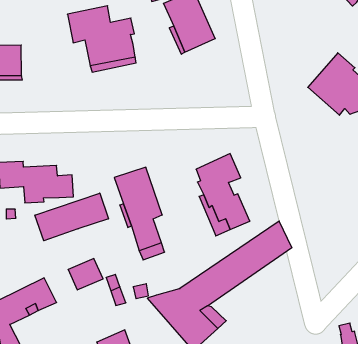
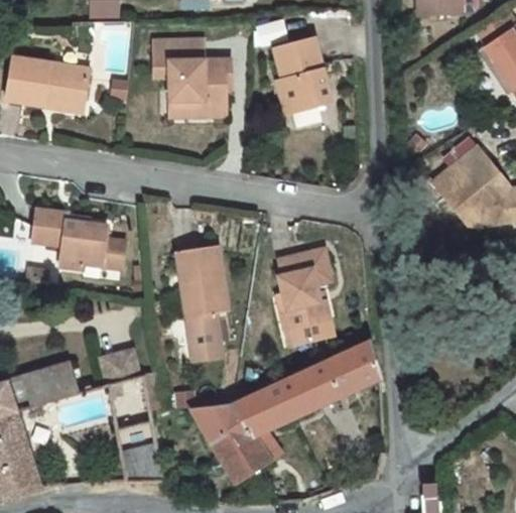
building: [35,193,108,241] -> none

